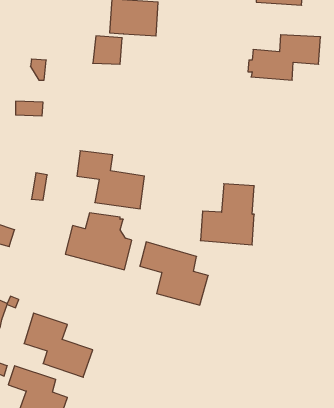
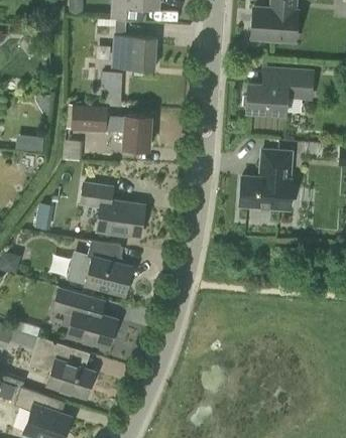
building: none -> [63,104,152,161]
building: [200,184,254,245] -> [240,151,292,209]
building: [140,242,208,305] -> [51,287,117,347]

